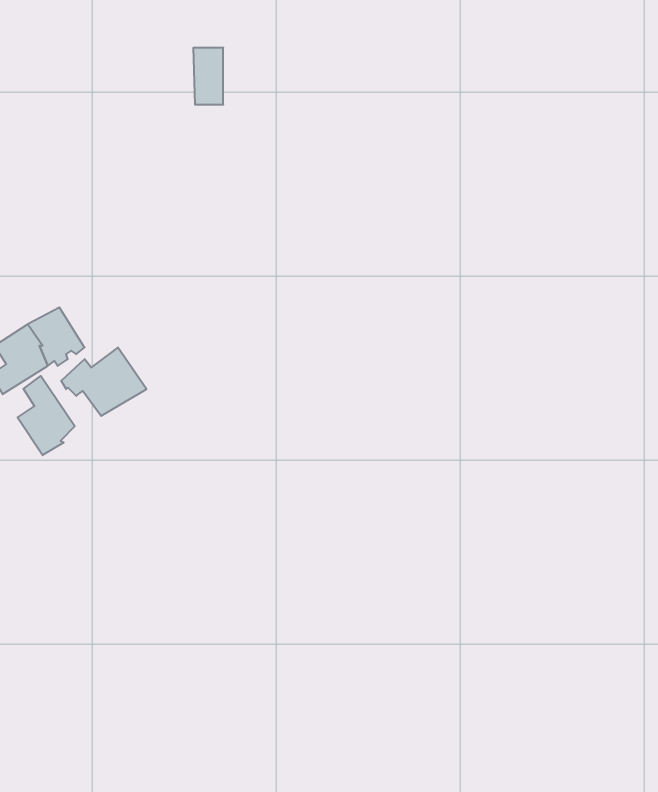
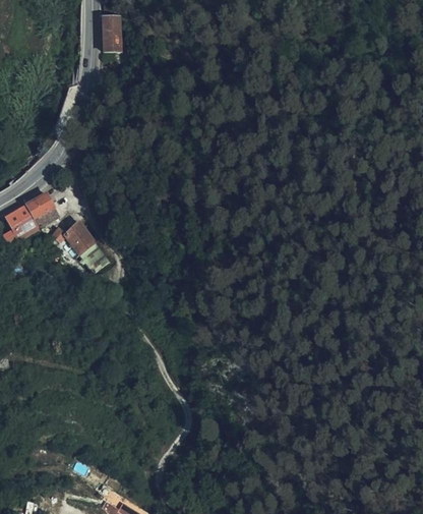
building: [193,48,223,105] -> [102,10,120,45]
building: [18,376,75,455] -> none

